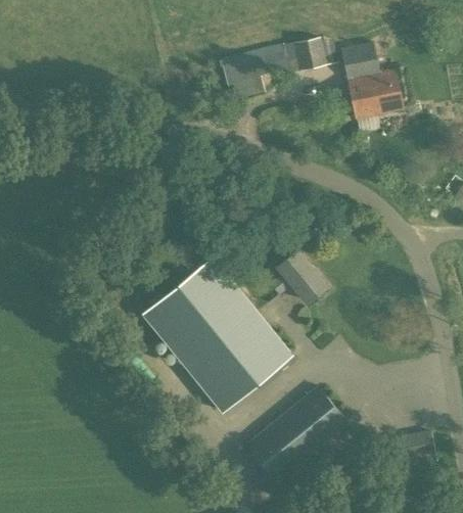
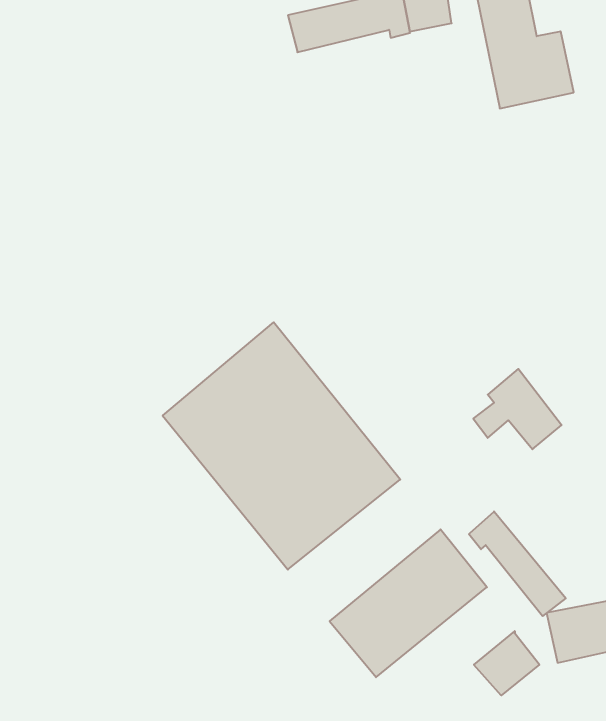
building: [270,251,326,302] -> [473,369,562,449]
building: none -> [469,511,566,616]
building: none -> [474,631,539,695]

